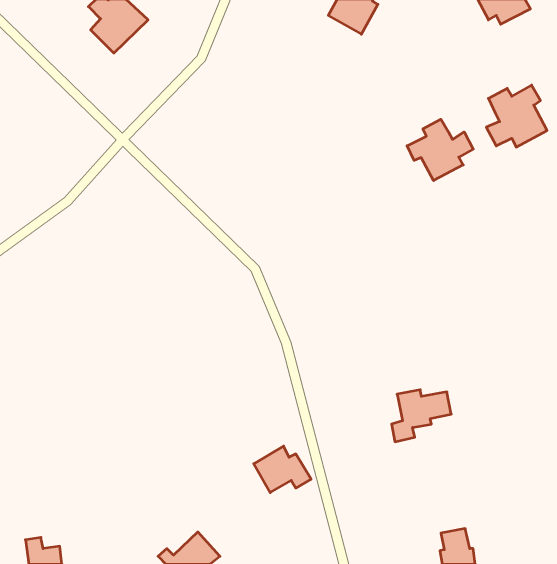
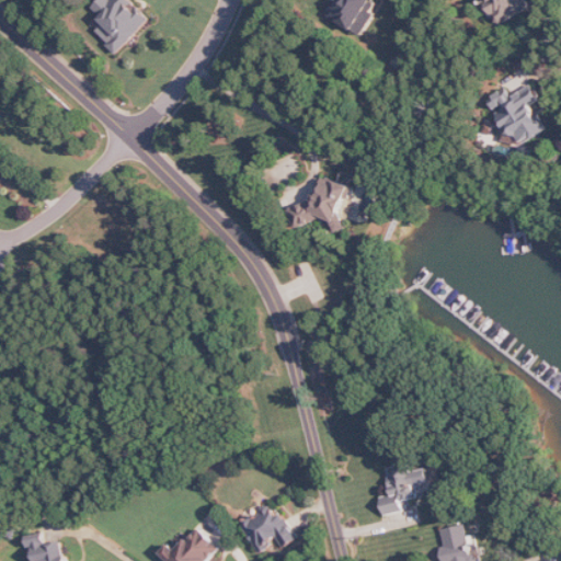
building: [407,119,473,181] -> none
building: none -> [285,179,352,231]
building: [392,390,451,442] -> [377,463,436,515]
building: [254,446,311,493] -> [238,505,295,551]

